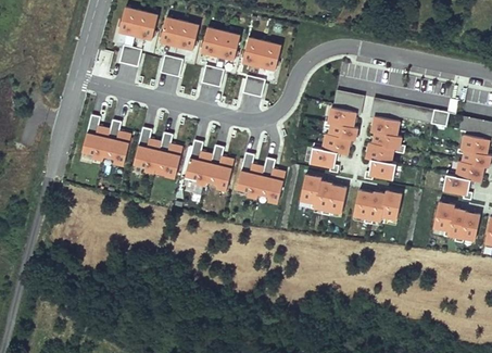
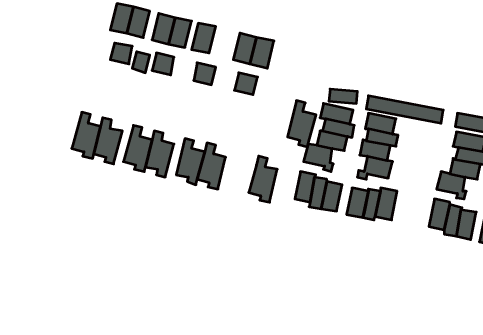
building: [217,30,240,61] -> none
building: [236,153,264,199] -> [288,101,316,147]

